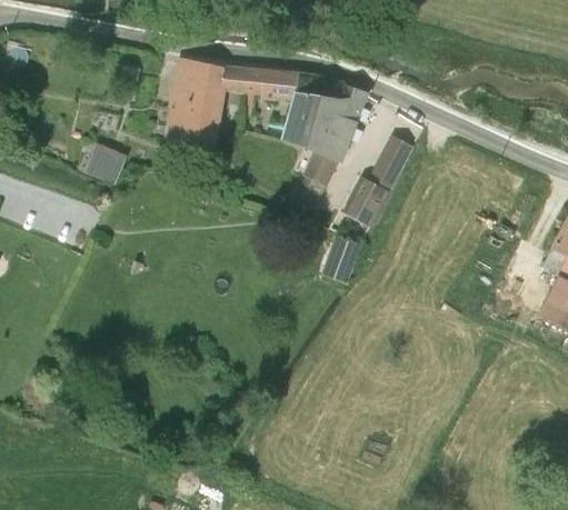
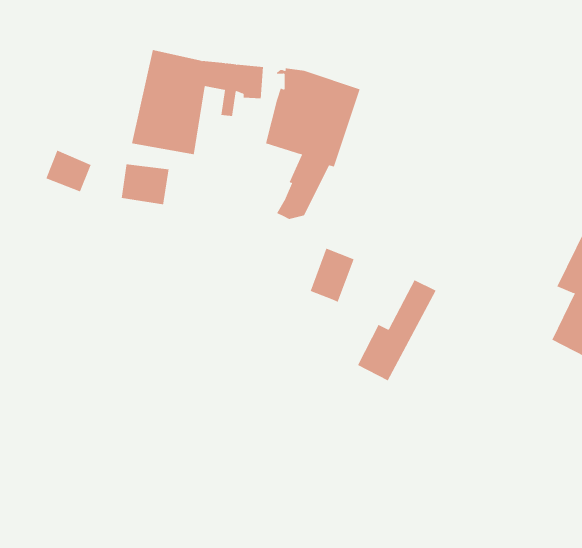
building: [342,133,413,224] -> [357,279,437,381]
building: none -> [121,164,169,205]

